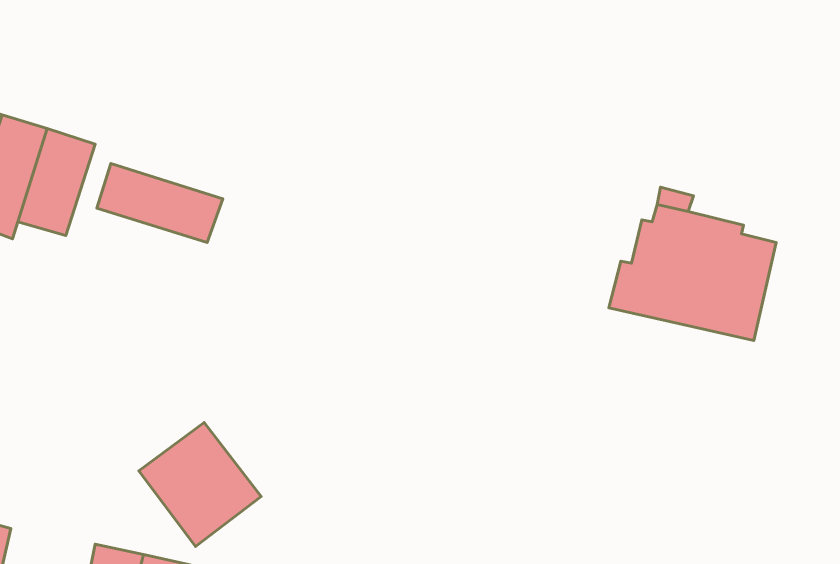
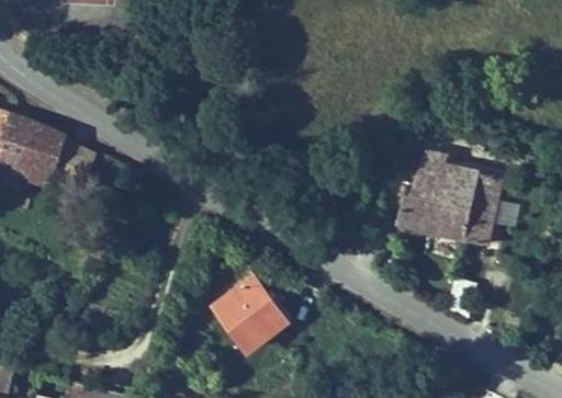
building: [97,163,223,243] -> none
building: [139,422,261,547] -> [207,280,285,359]

